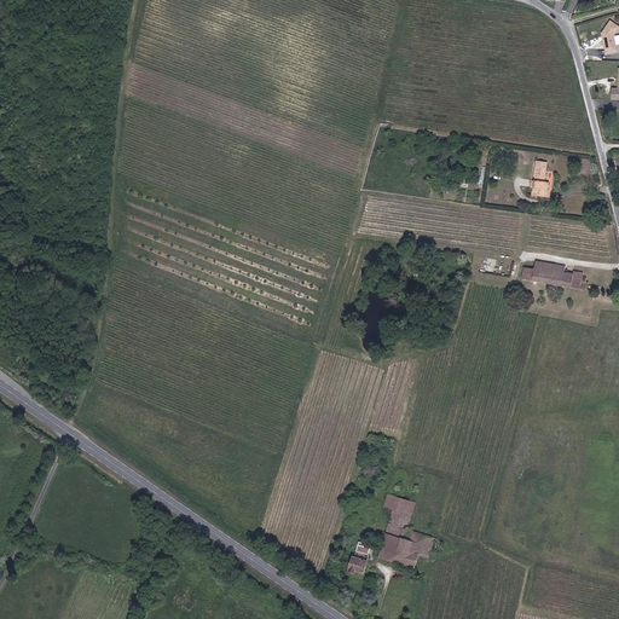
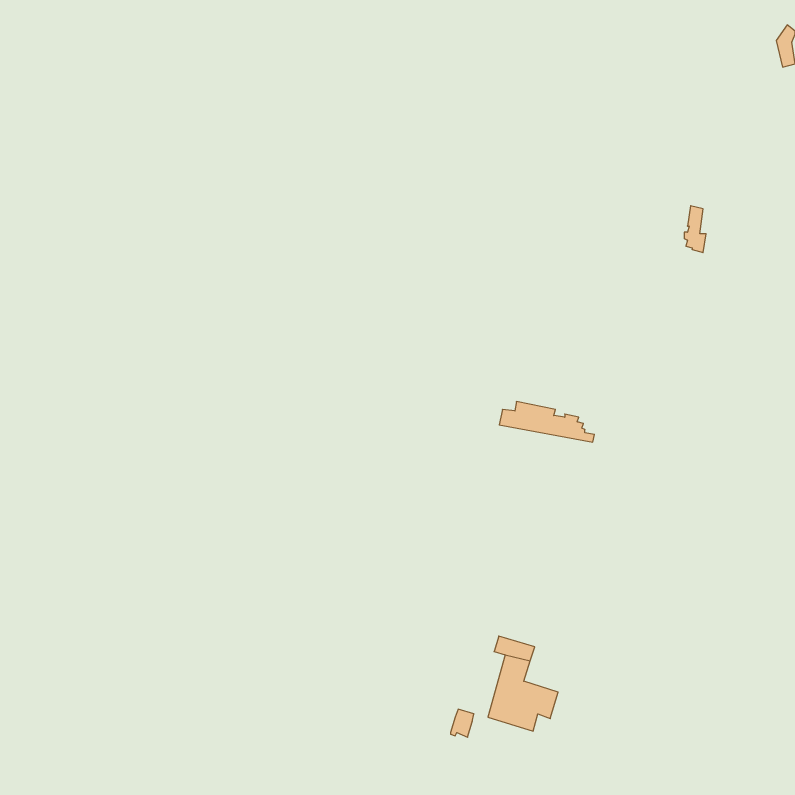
building: [521,260,595,291] -> [499,402,594,442]

